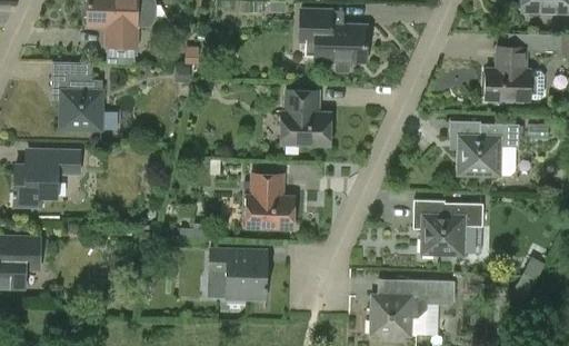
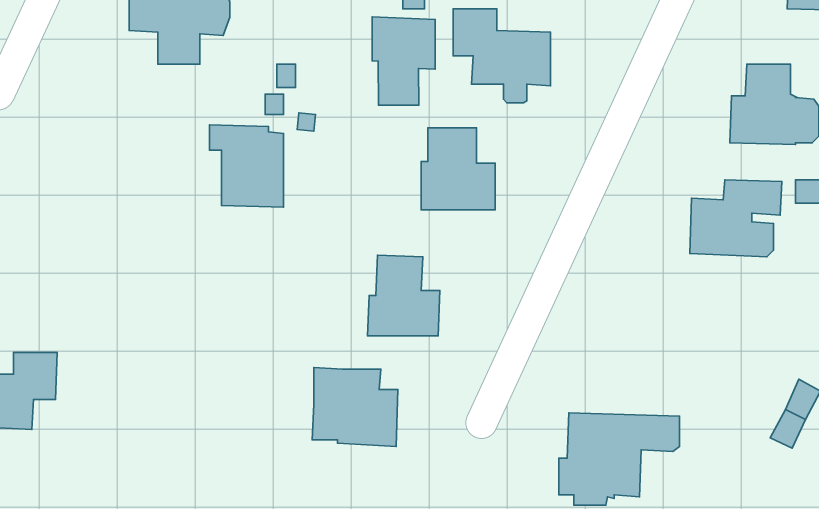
building: none -> [372,17,435,105]
building: [51,75,100,129] -> [210,125,283,207]
building: [12,152,77,207] -> none
building: [413,200,482,253] -> none

